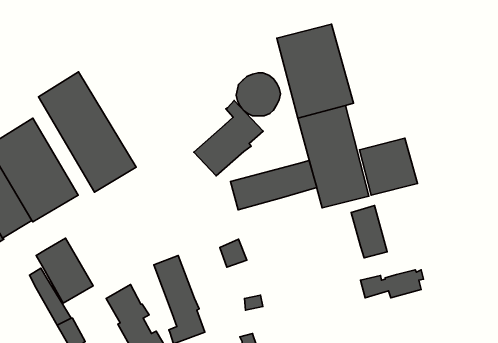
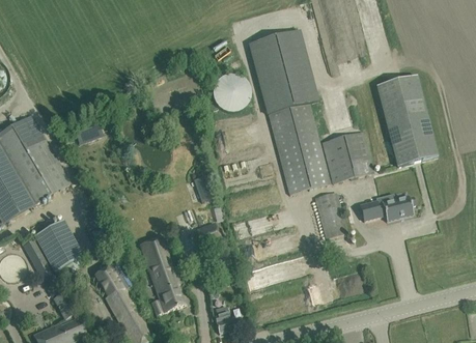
building: [39,72,136,192] -> none
building: none -> [375,75,438,166]
building: [194,101,263,176] -> none
building: [231,161,317,210] -> none
building: [361,270,423,298] -> [359,195,415,220]

